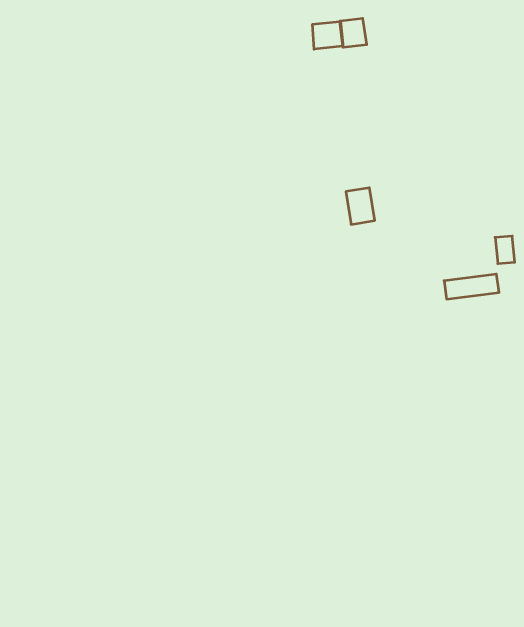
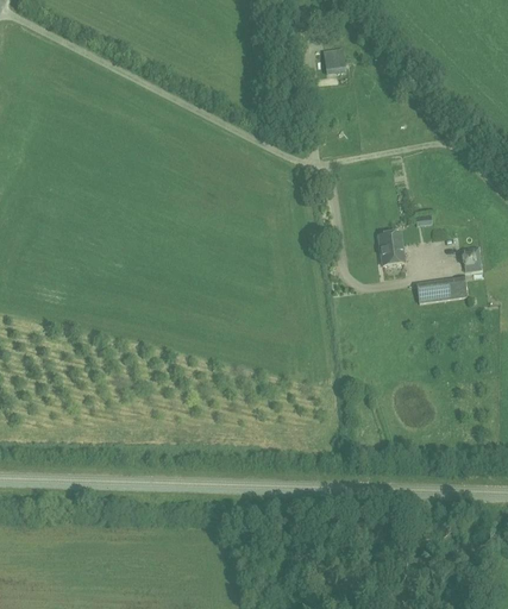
building: [313,21,343,49] -> none
building: [346,188,375,224] -> [377,232,403,265]

